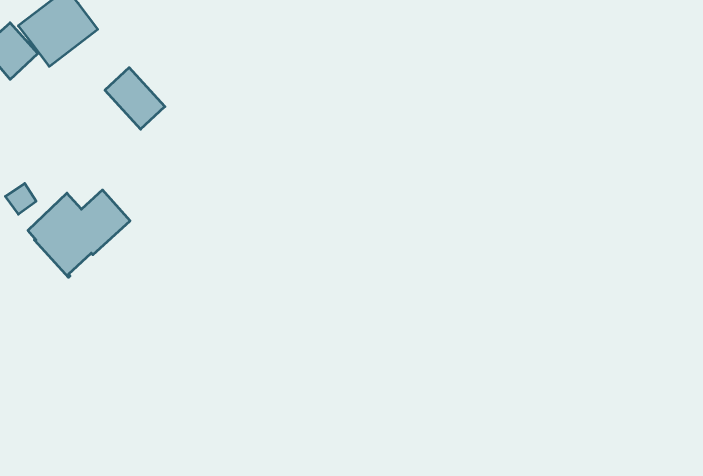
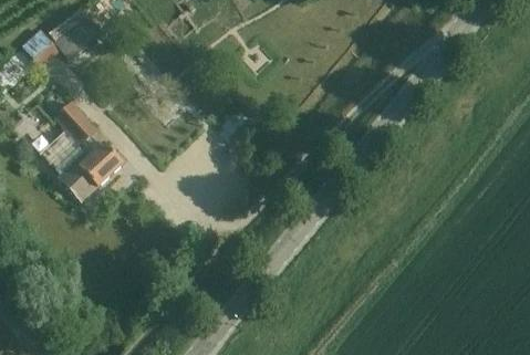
building: [105,68,165,129] -> [56,103,97,145]

